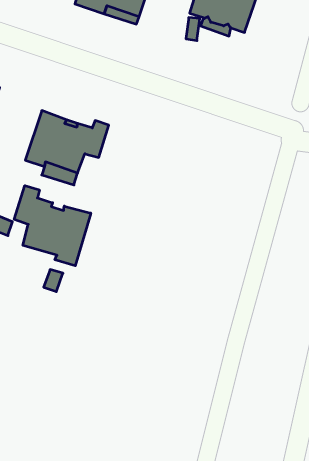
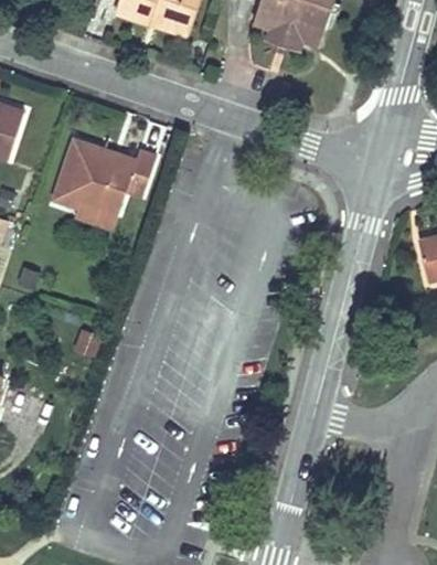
building: [14,186,91,266] -> none

